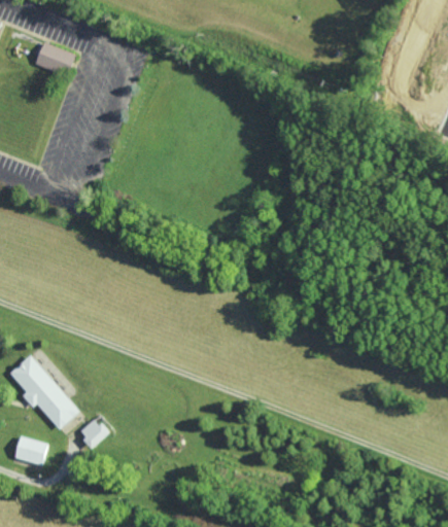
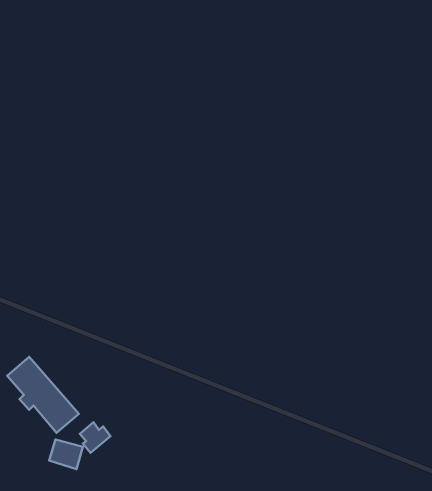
building: [34,42,74,76] -> none
building: [13,436,46,465] -> [49,440,83,469]

